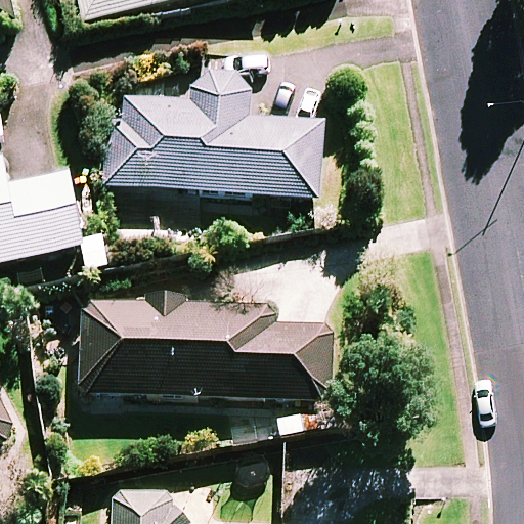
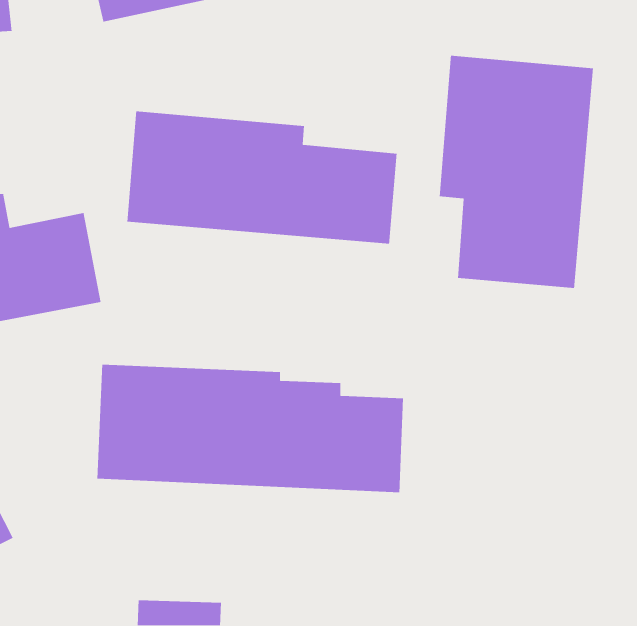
building: none -> [439,55,594,289]

